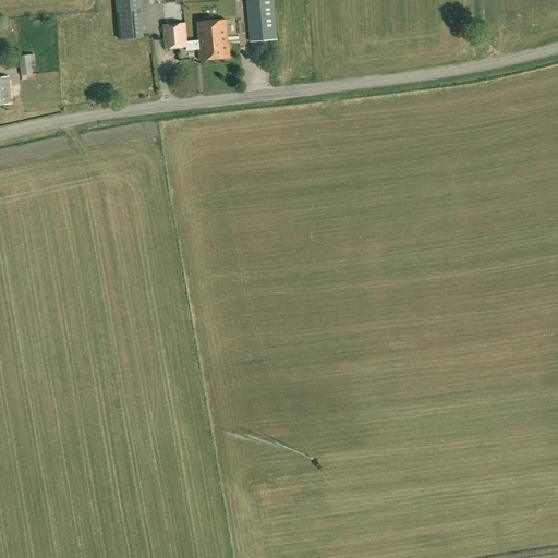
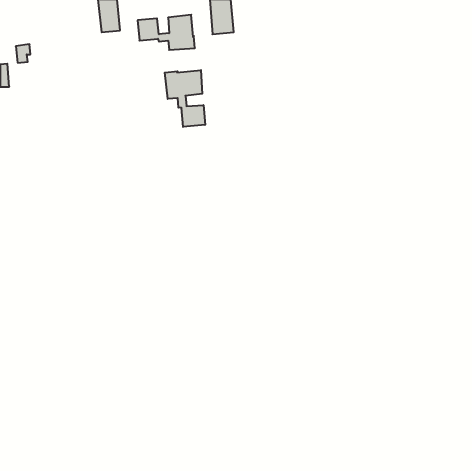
building: none -> [165,70,205,127]

